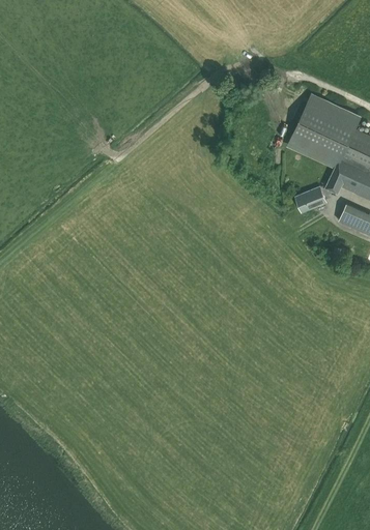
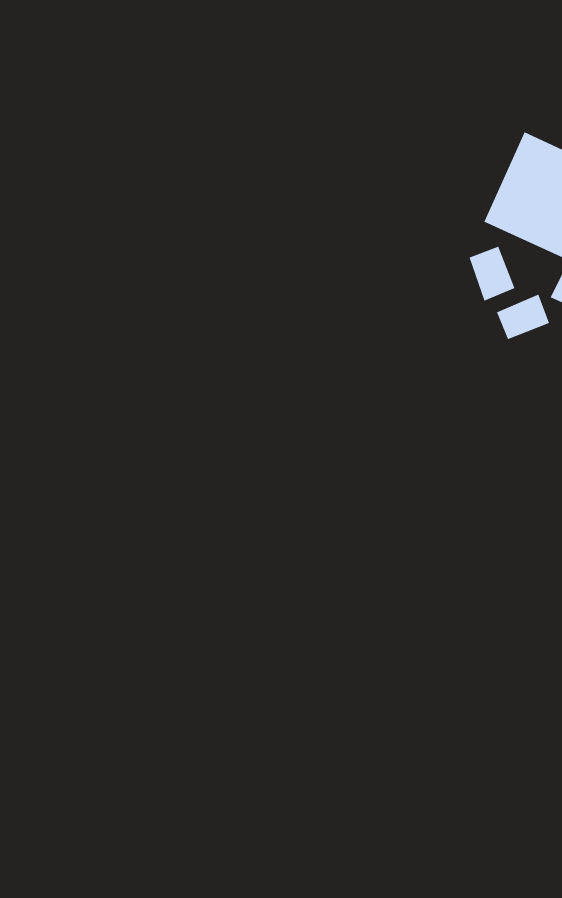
building: none -> [469,246,515,301]

